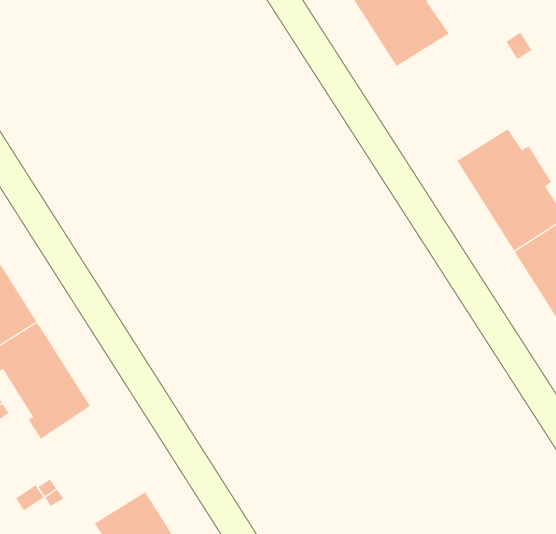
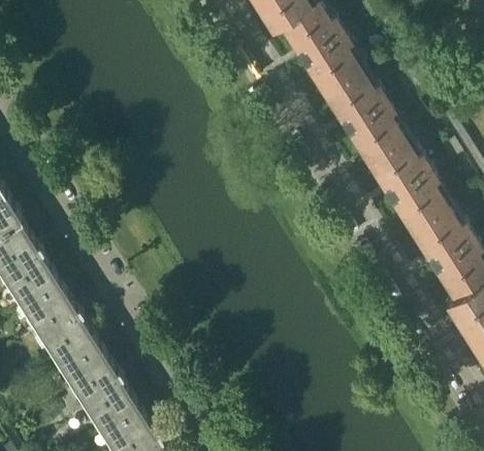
building: none -> [324,72,410,159]
building: none -> [62,347,139,433]

